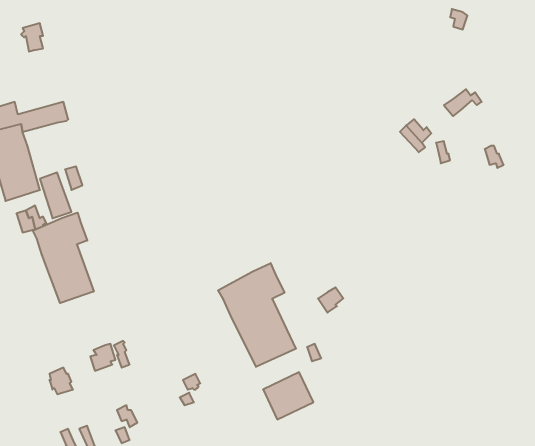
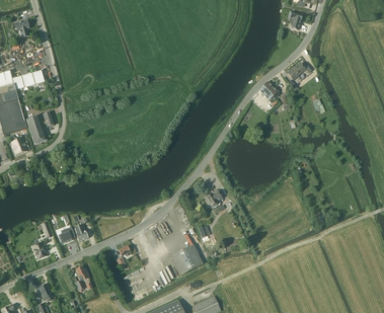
building: [33,213,94,303] -> none
building: [218,263,296,367] -> none

